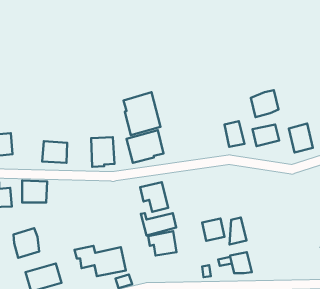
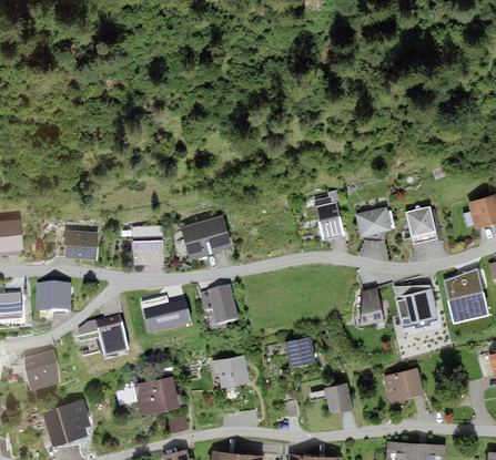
building: [251,90,278,117] -> none
building: [123,92,160,135] -> none
building: none -> [394,285,439,326]
building: none -> [95,317,130,361]
building: [141,213,176,236] -> [141,303,190,334]
building: [230,217,246,245] -> [361,288,384,326]
building: none -> [383,368,423,402]

